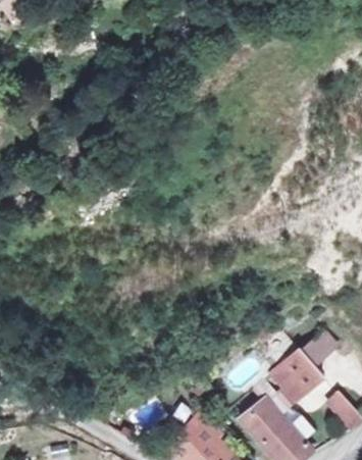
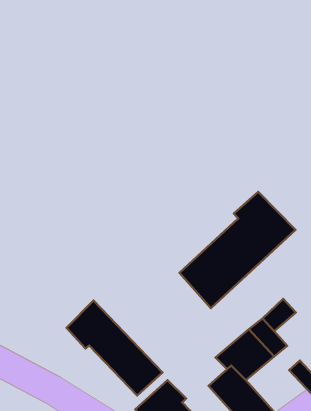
building: none -> [179,192,295,308]
building: none -> [66,301,162,396]

